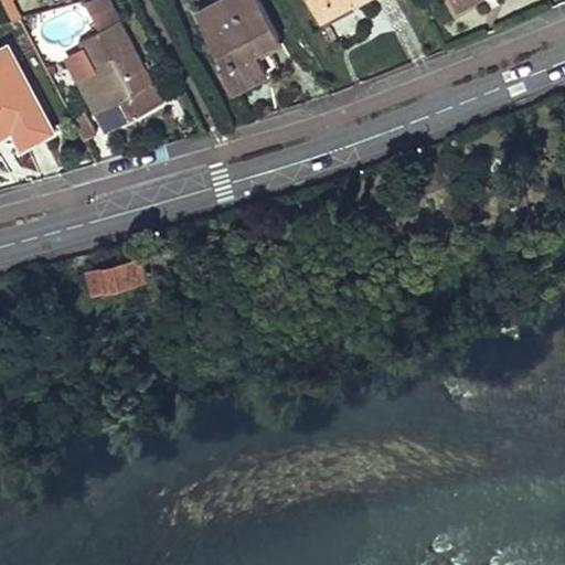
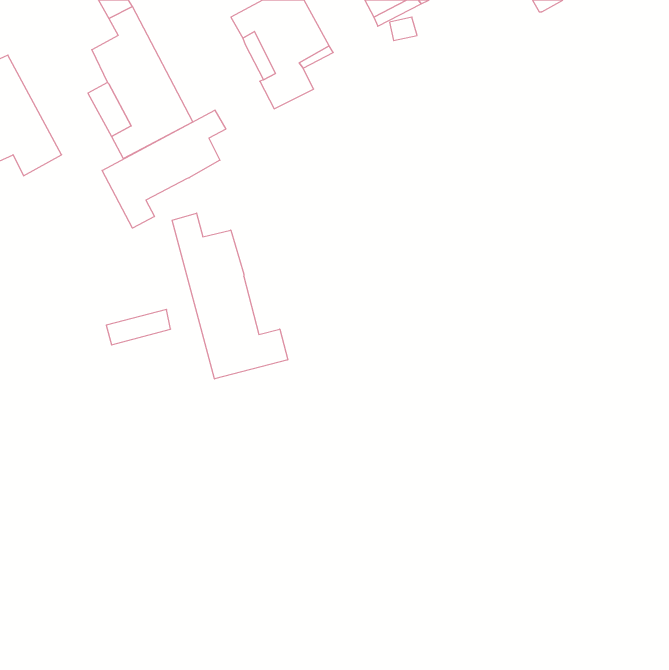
building: none -> [102,110,226,228]
building: none -> [172,213,288,379]

